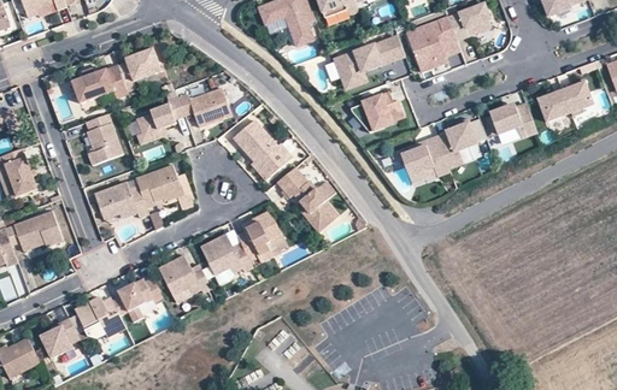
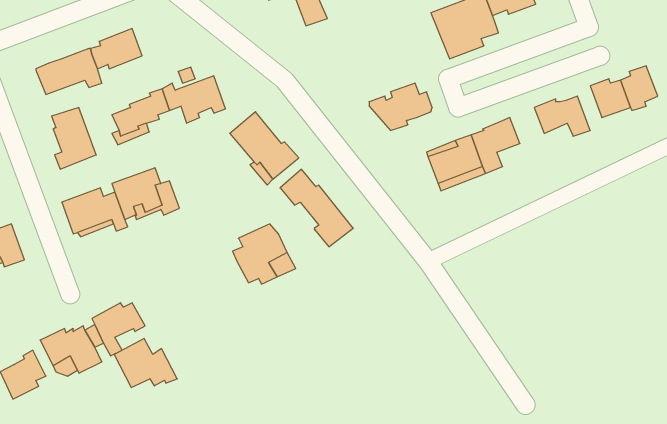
building: [334,37,405,89] -> none
building: [200,234,253,274] -> none
building: [158,255,211,296] -> [114,339,177,387]

